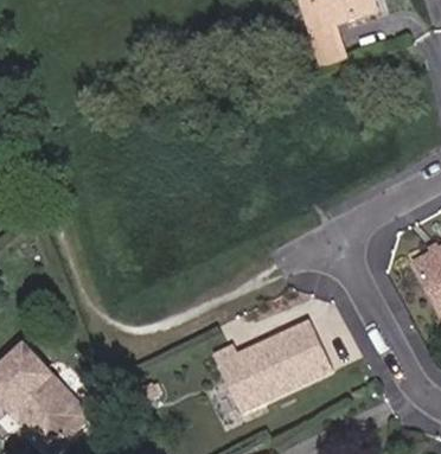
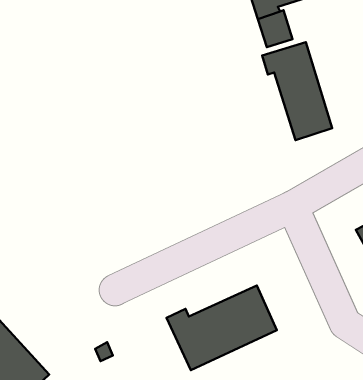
building: none -> [262,42,332,140]

